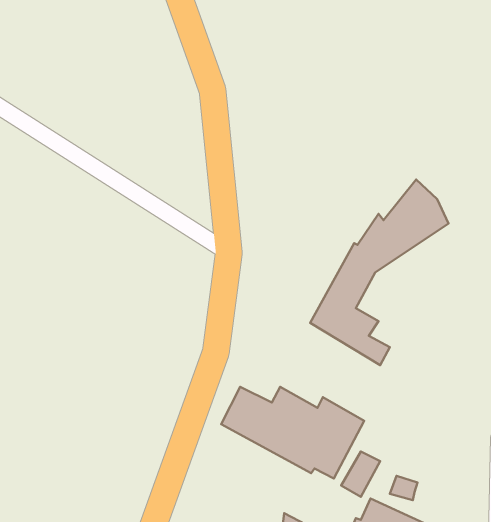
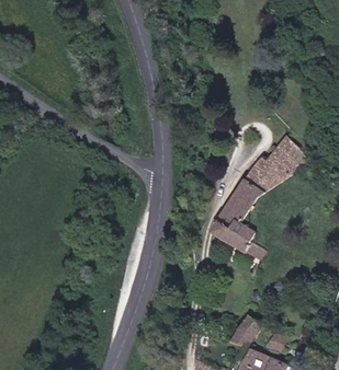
building: [221,387,364,478] -> none

